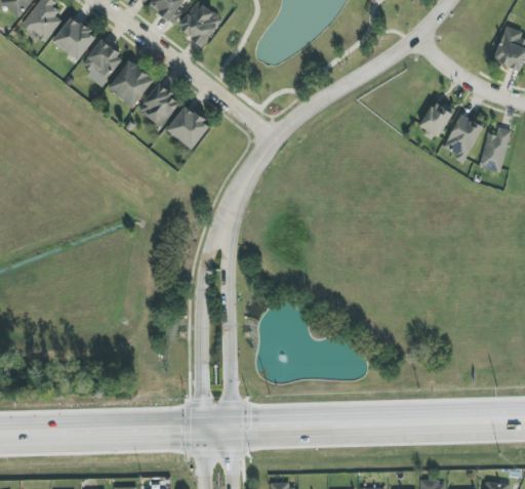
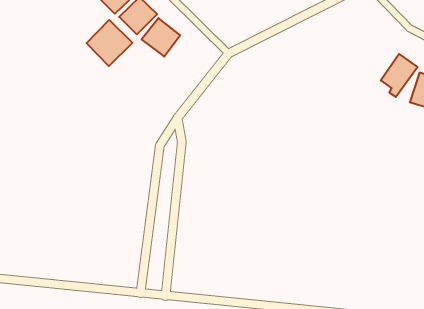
building: [418,99,453,141] -> none
building: none -> [87,20,132,66]

